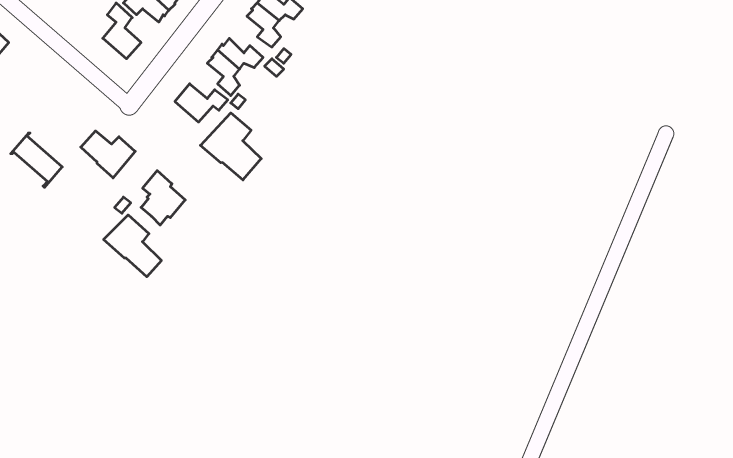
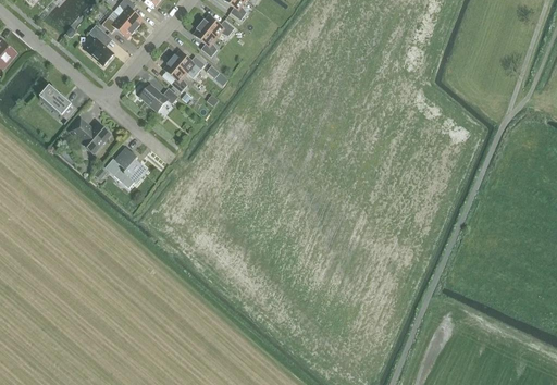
building: [200,113,261,180] -> none
building: [11,133,62,187] -> [38,83,76,123]
building: [104,215,161,277] -> none

